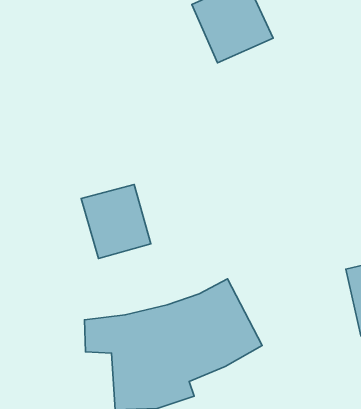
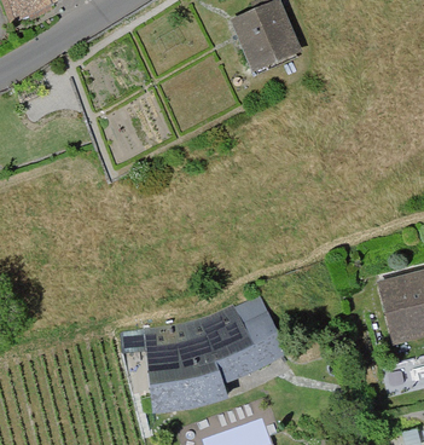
building: [81,185,151,259] -> none

